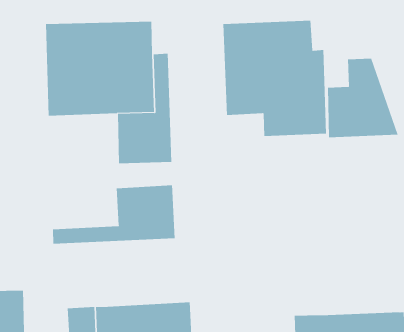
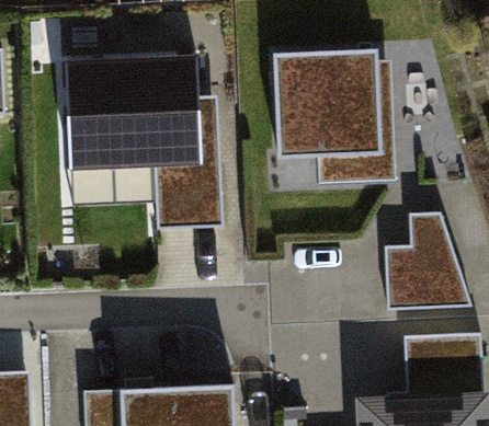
building: [327,58,399,138] -> [387,215,473,310]
building: [52,184,175,245] -> none
building: none -> [386,333,482,402]

